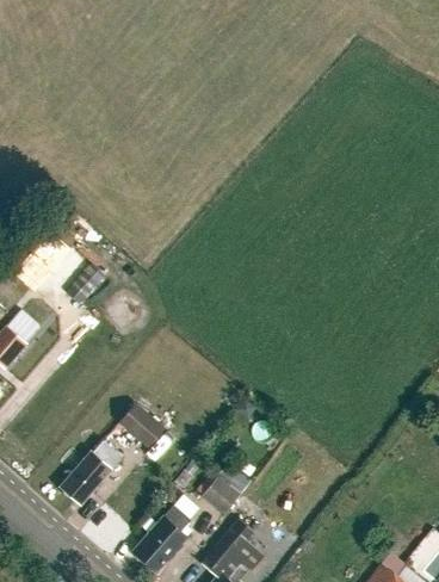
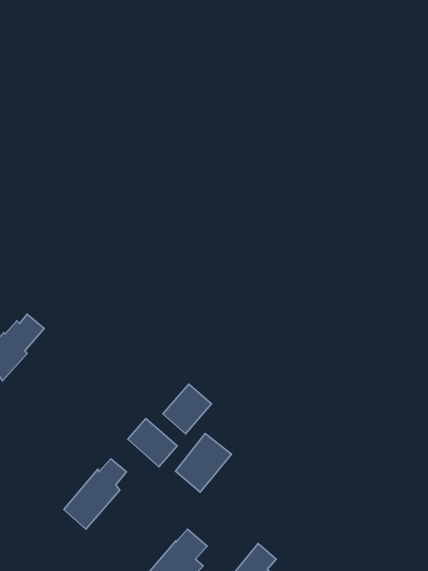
building: none -> [163,384,211,434]
building: [200,463,252,516] -> [175,433,231,492]

